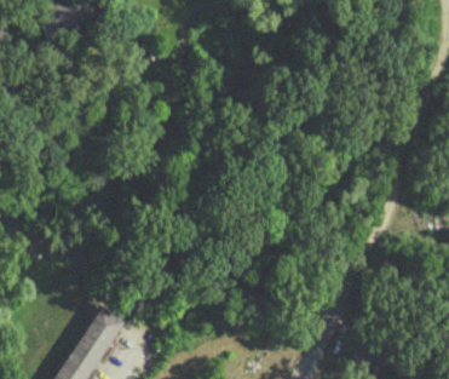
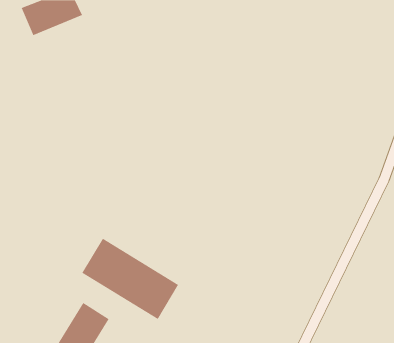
building: none -> [82,238,179,320]

